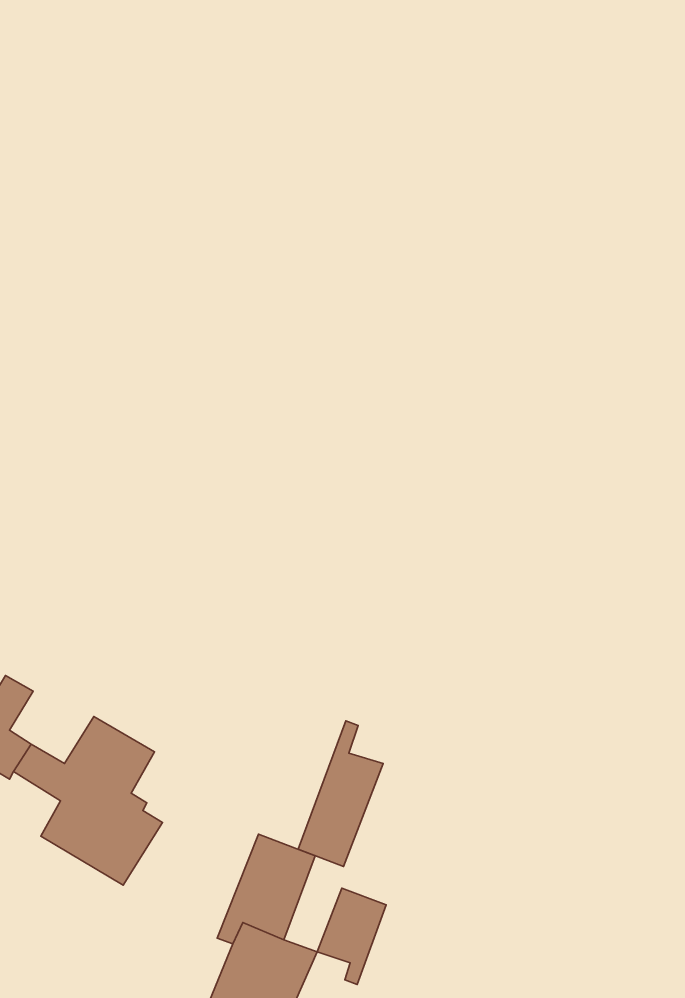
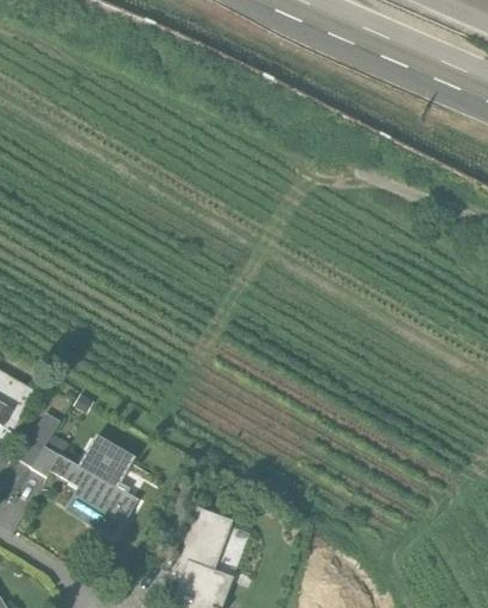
building: [298,721,383,866] -> none
building: [317,888,386,985] -> none

